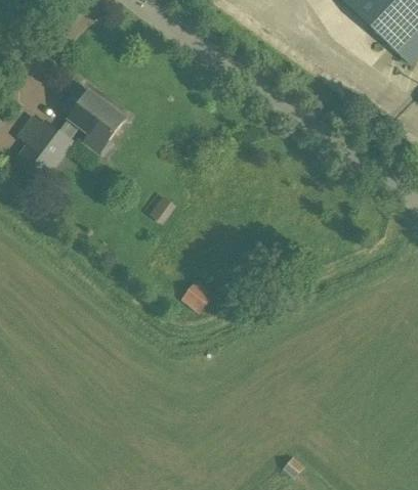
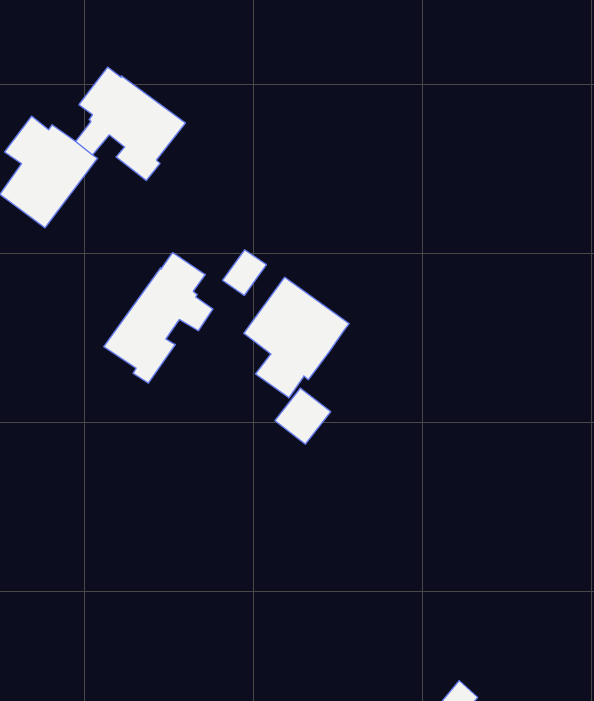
building: none -> [104,253,213,383]
building: none -> [244,277,349,398]

